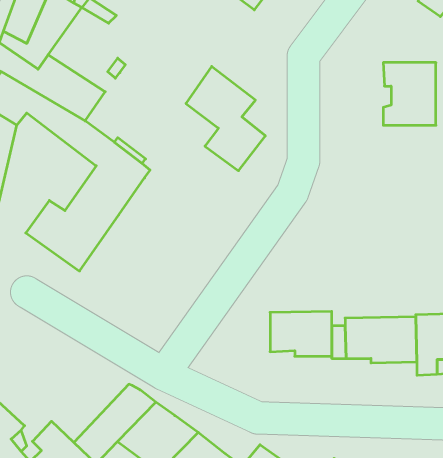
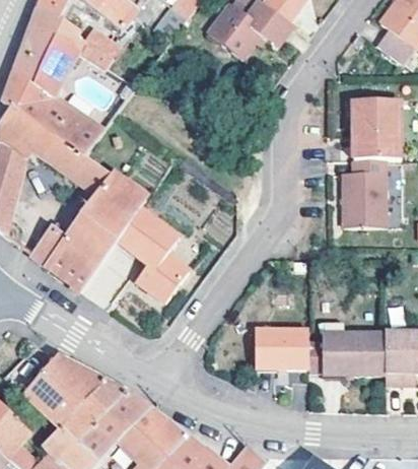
building: [186,66,265,171] -> [116,206,188,300]
building: none -> [344,158,387,227]
building: none -> [21,353,125,446]

